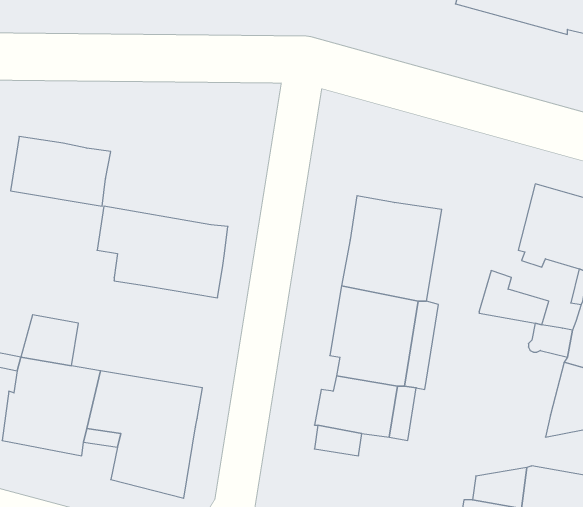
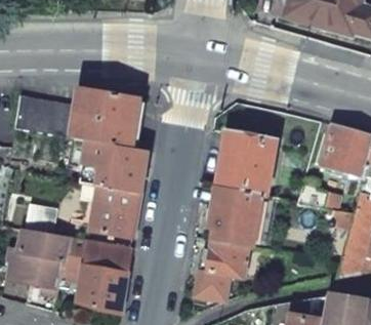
building: none -> [71,88,145,149]
building: none -> [90,186,140,237]

